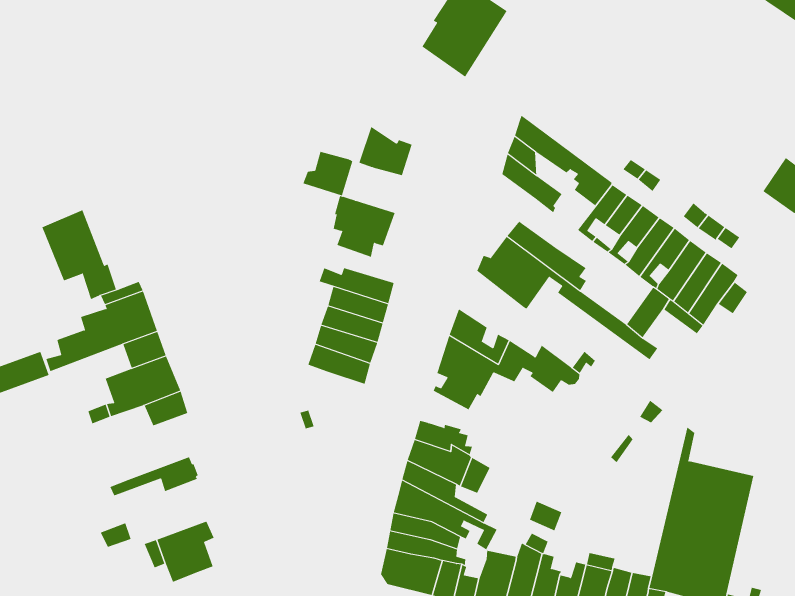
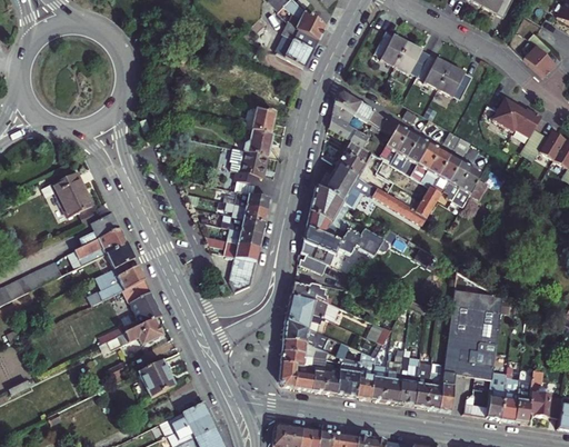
building: none -> [375,29,471,97]
building: [302,151,353,196] -> [241,129,271,156]
building: none -> [343,139,376,168]
building: none -> [311,186,365,237]
building: none -> [229,258,258,294]
building: none -> [113,291,161,336]

